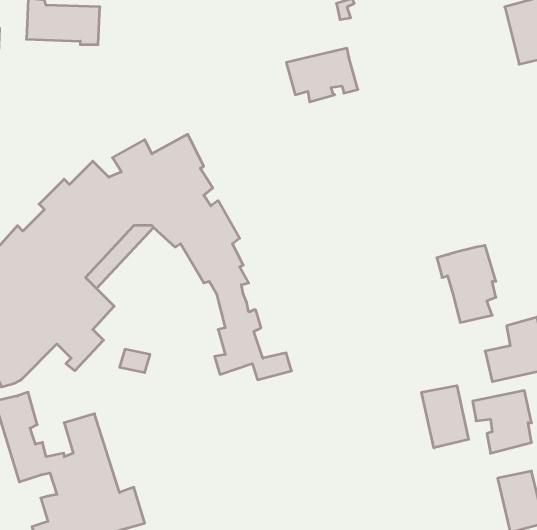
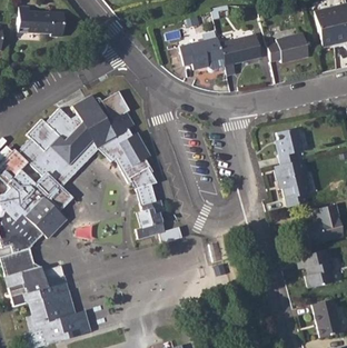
building: none -> [267,33,308,64]
building: none -> [218,34,260,79]
building: none -> [275,129,301,165]
building: none -> [10,221,47,291]
building: [422,386,469,448] -> none

